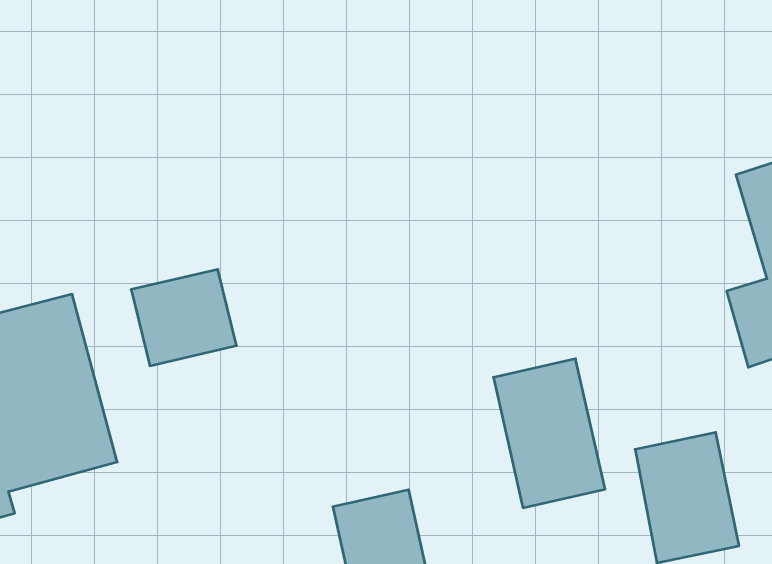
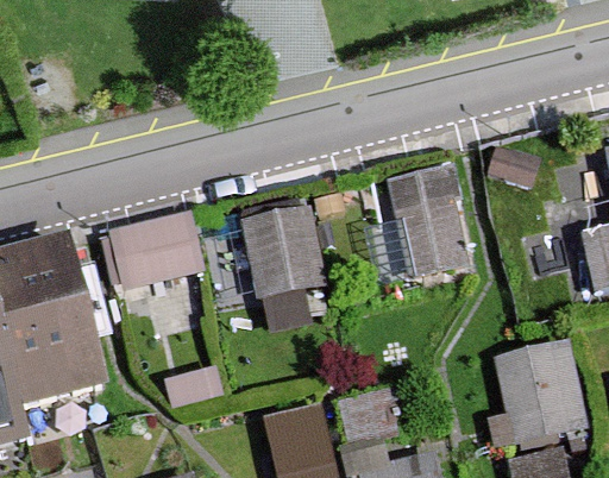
building: none -> [247,205,324,294]
building: [493,359,605,508] -> [382,166,467,281]

